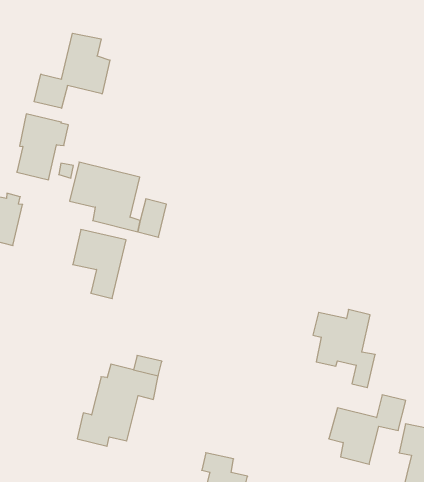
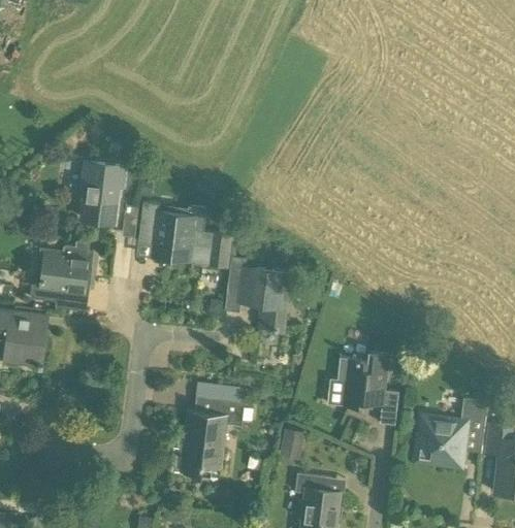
building: [34,33,110,108] -> none
building: [73,230,126,299] -> [239,267,289,331]
building: [313,309,375,388] -> [335,352,398,426]
building: none -> [279,429,304,460]

